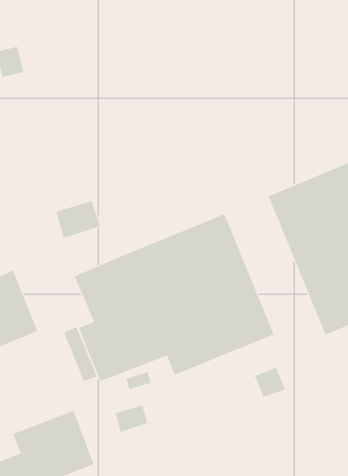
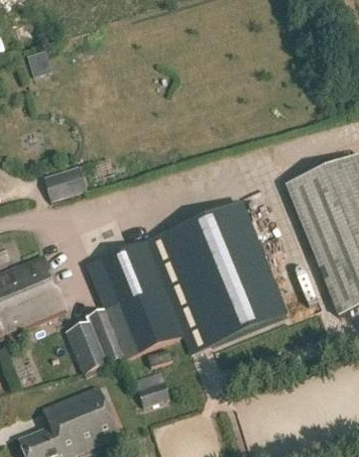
building: [56,201,101,238] -> [44,165,87,201]
building: none -> [66,319,110,372]
building: [254,367,286,398] -> none

